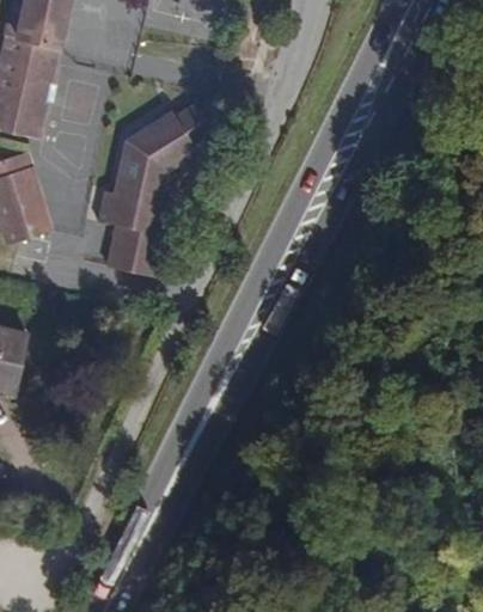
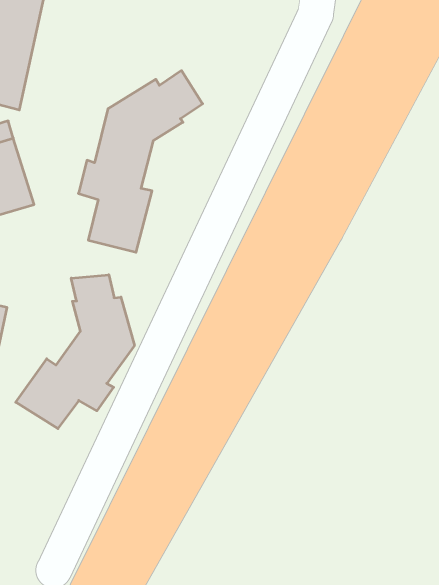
building: none -> [16,275,134,429]

